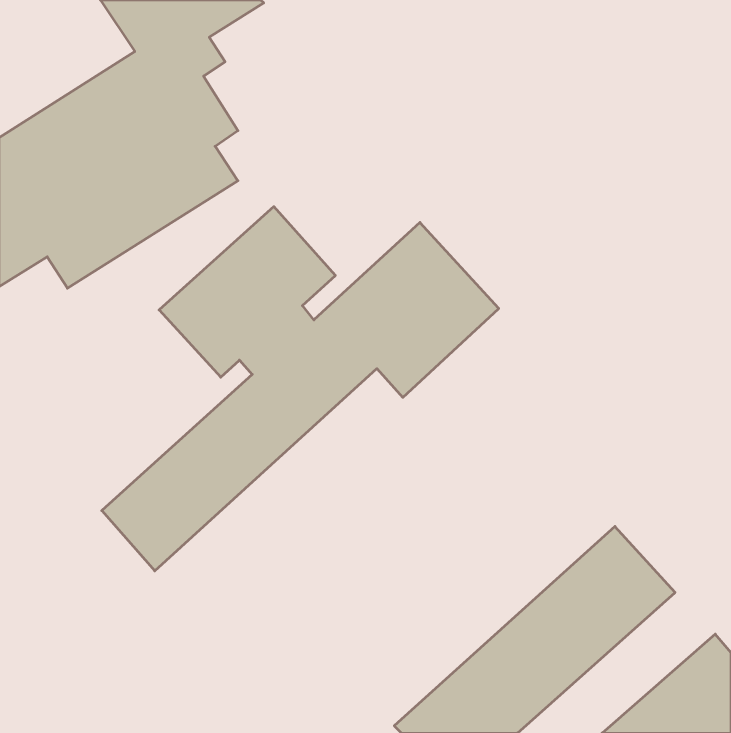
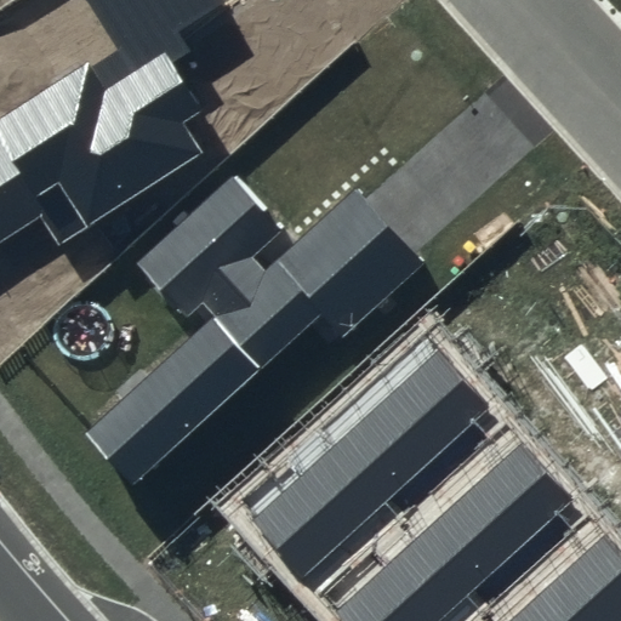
building: none -> [251,352,489,577]

